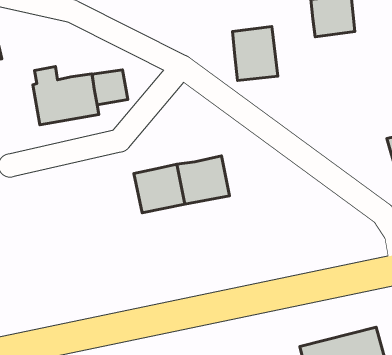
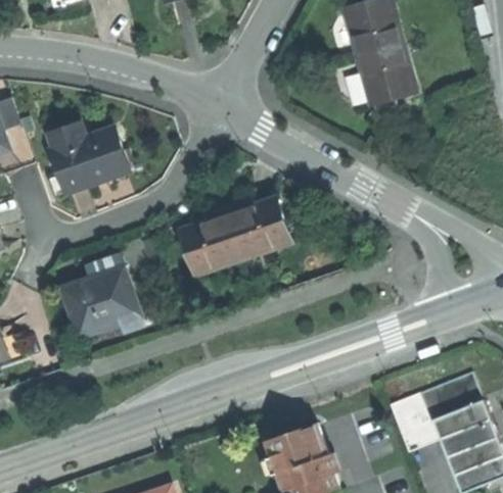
building: [232,26,278,80] -> [361,45,417,109]
building: [92,70,128,105] -> none
building: none -> [59,264,135,338]

